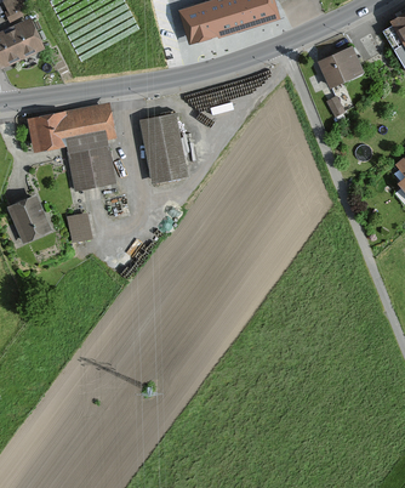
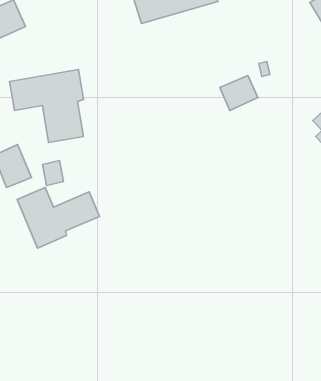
building: [318,46,364,89] -> [220,76,258,111]
building: [139,114,188,183] -> none
building: none -> [17,187,100,248]

